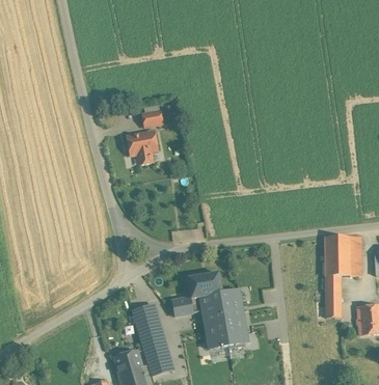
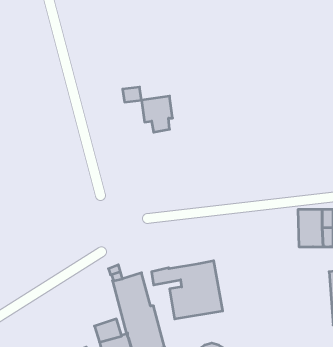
building: [126,133,158,170] -> [142,96,173,132]
building: [187,272,221,298] -> none
building: [325,275,340,324] -> none

